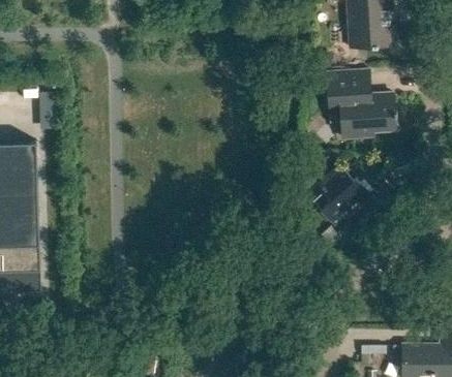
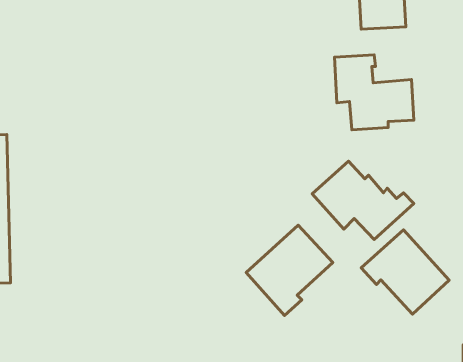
building: none -> [246,225,333,316]
building: none -> [361,230,449,314]

